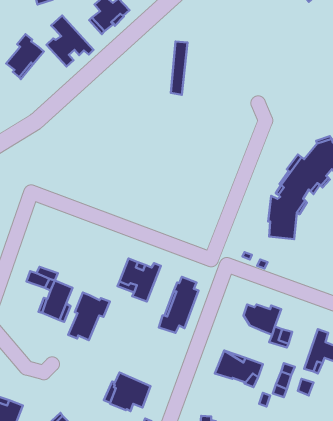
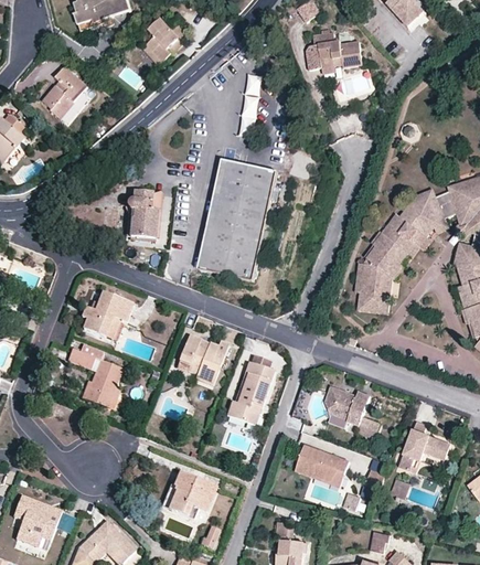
building: none -> [305,31,360,70]
building: [46,16,93,67] -> none
building: none -> [198,159,276,280]
building: none -> [126,191,158,239]
building: none -> [81,291,132,340]
building: [68,293,110,340] -> none

